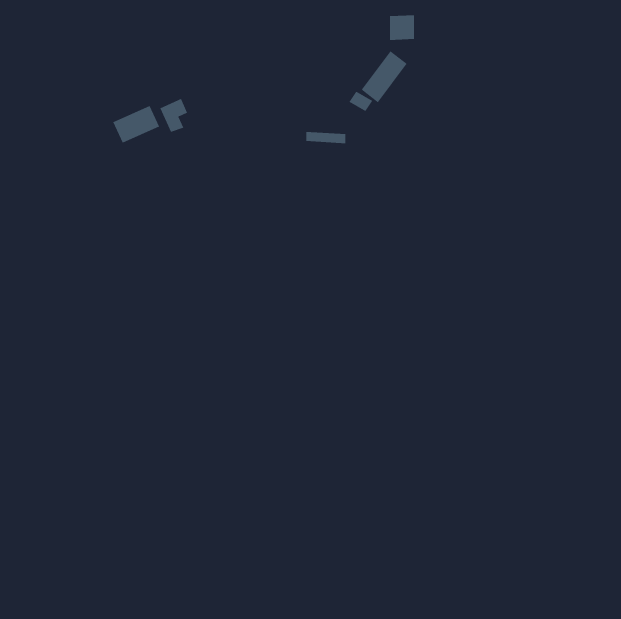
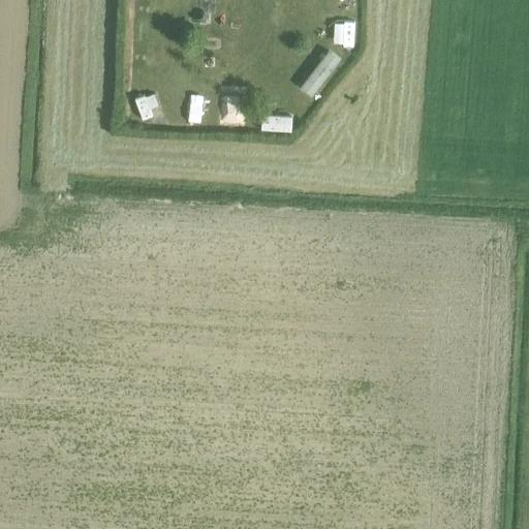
building: [112,105,160,143] -> none

